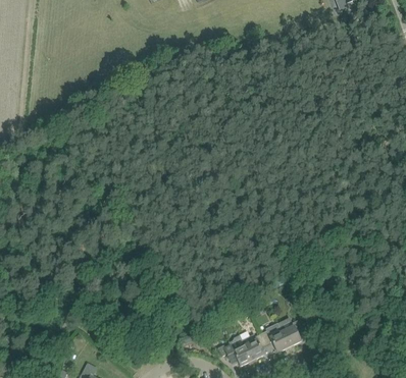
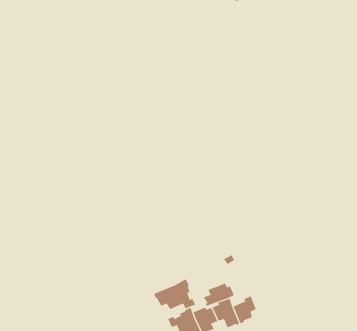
building: none -> [154,278,196,310]
building: none -> [203,283,235,307]

